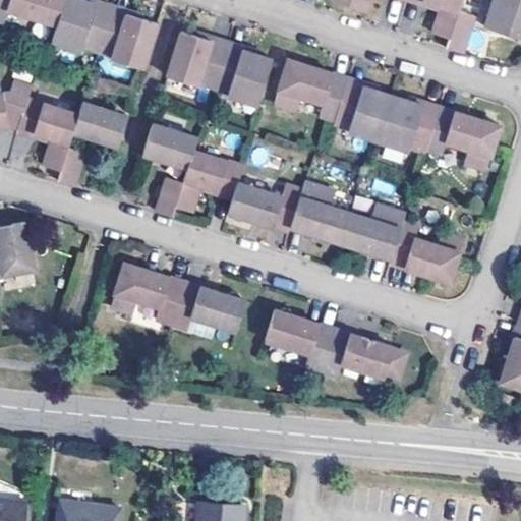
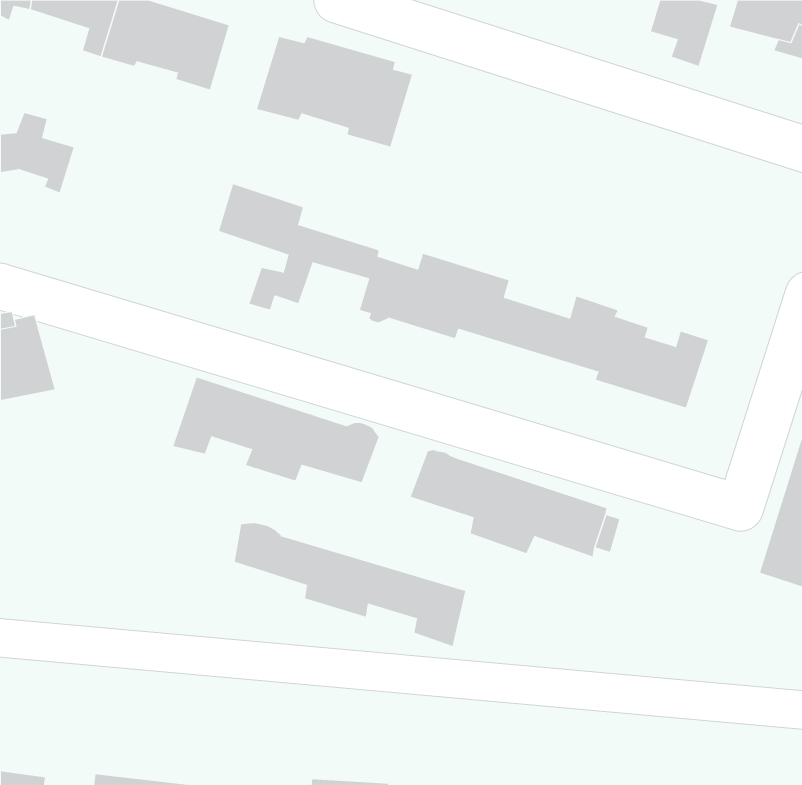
building: [267,57,493,168] -> none
building: [43,107,124,182] -> none
building: none -> [234,523,466,647]

